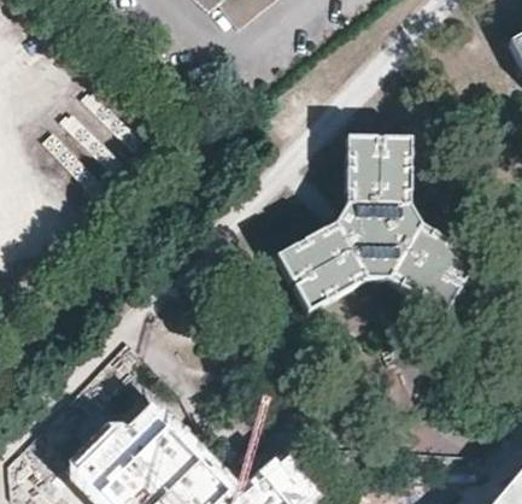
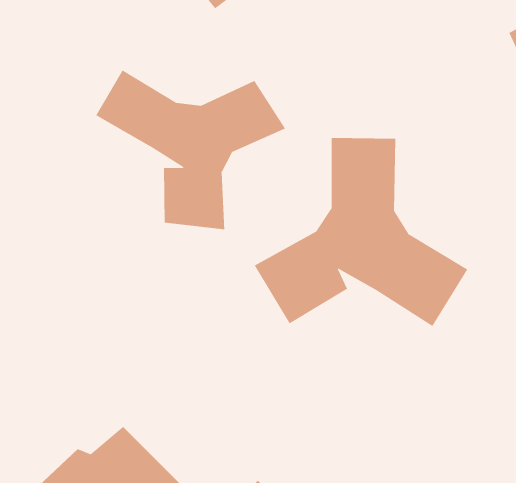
building: none -> [96,70,286,230]

